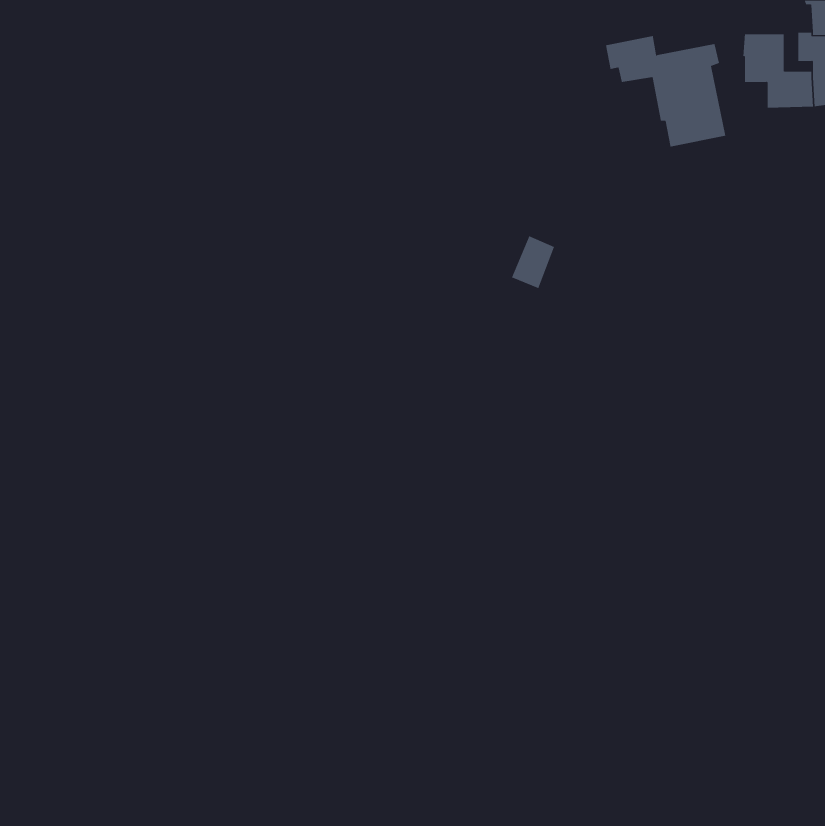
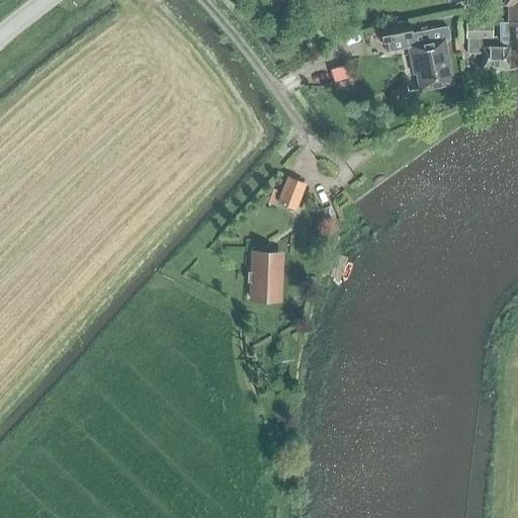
building: [511,236,555,289] -> [278,176,306,209]
building: none -> [249,251,284,303]

